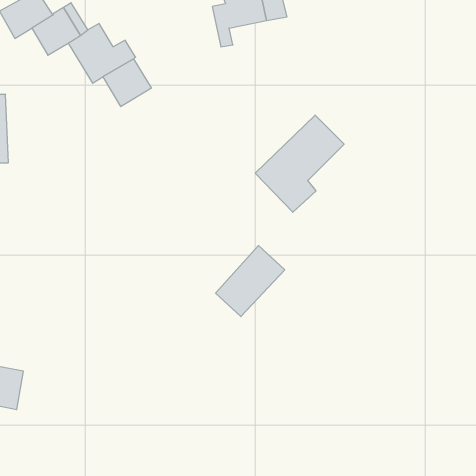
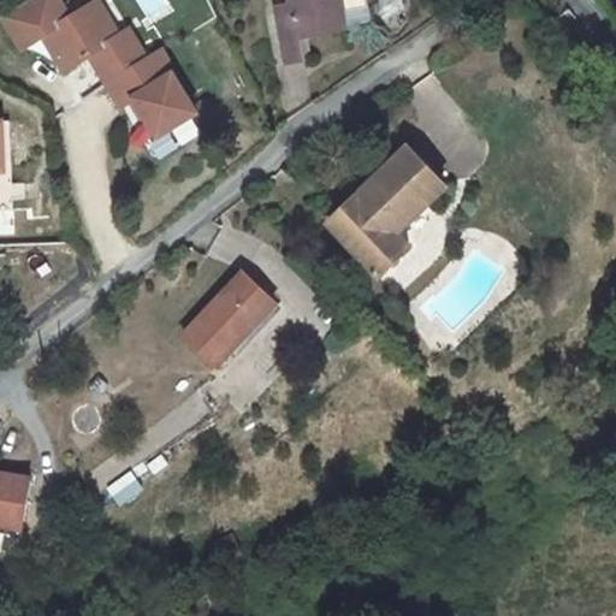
building: [216,246,285,317] -> [184,272,273,363]

